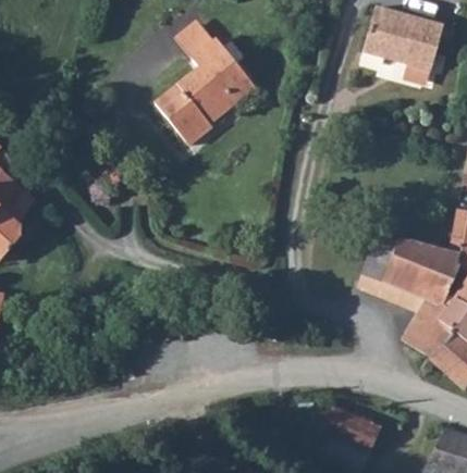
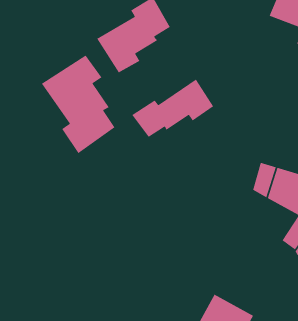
building: none -> [41,55,116,154]
building: none -> [131,78,214,138]

